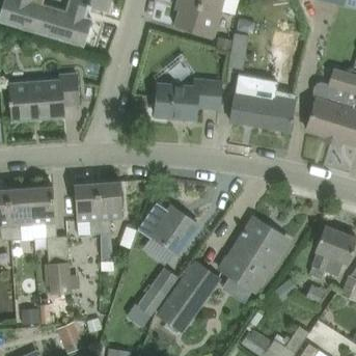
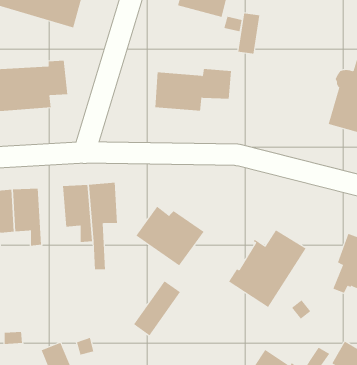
building: [229,35,303,132] -> none
building: [48,262,70,295] -> none
building: [159,263,218,330] -> none

